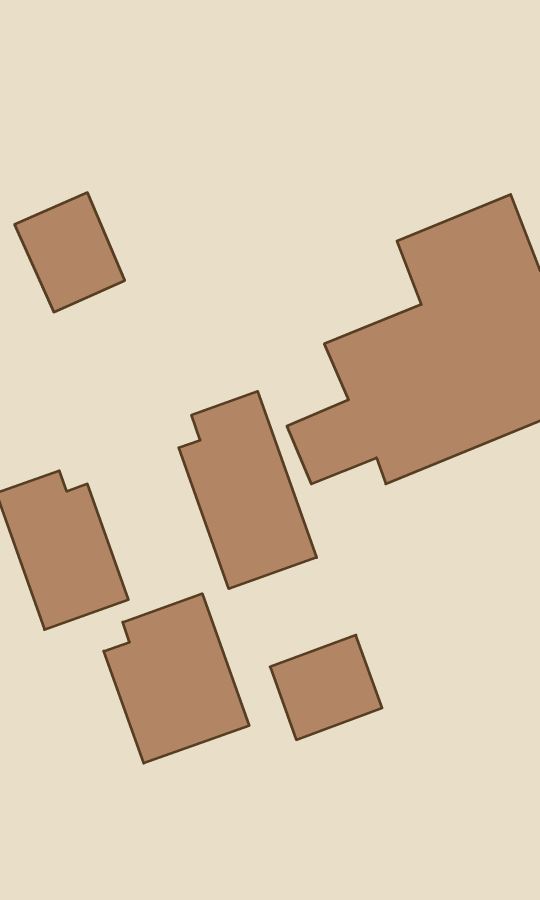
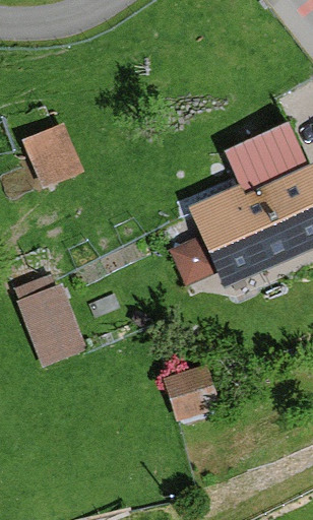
building: [179,391,317,589] -> none
building: [104,594,249,763] -> none

